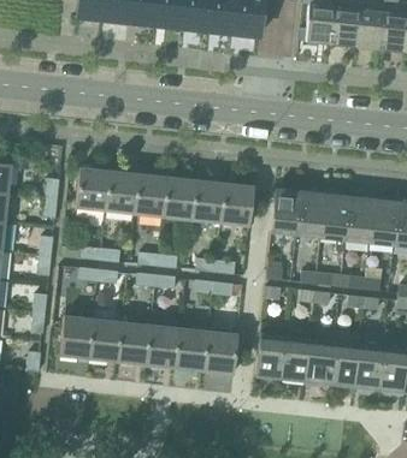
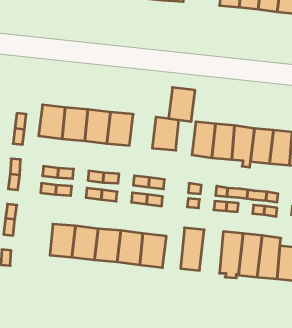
building: [191,179,225,222] -> [169,87,195,121]
building: [60,315,94,358] -> none
building: [281,326,311,381] -> none

